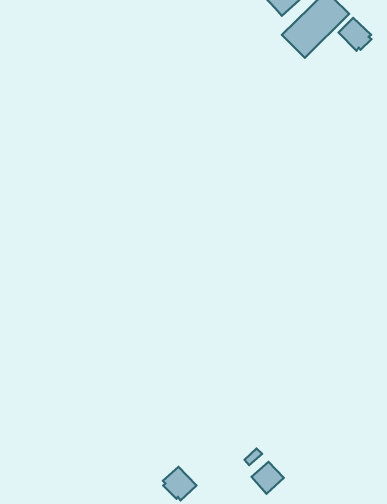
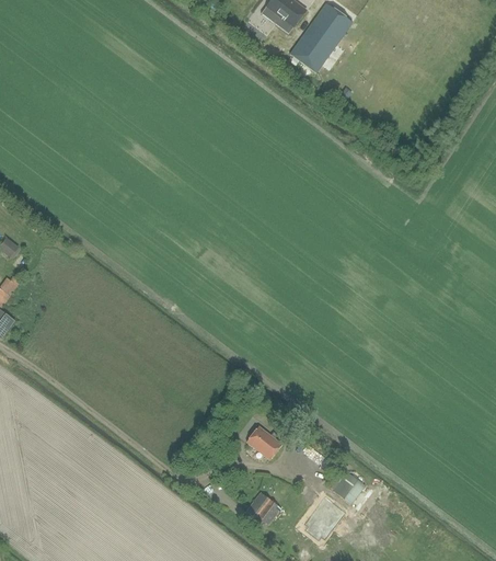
building: [338,18,371,51] -> none
building: none -> [246,425,282,460]

